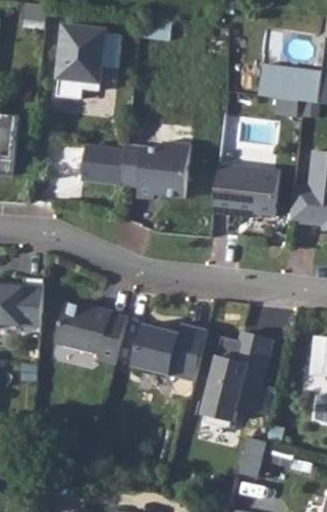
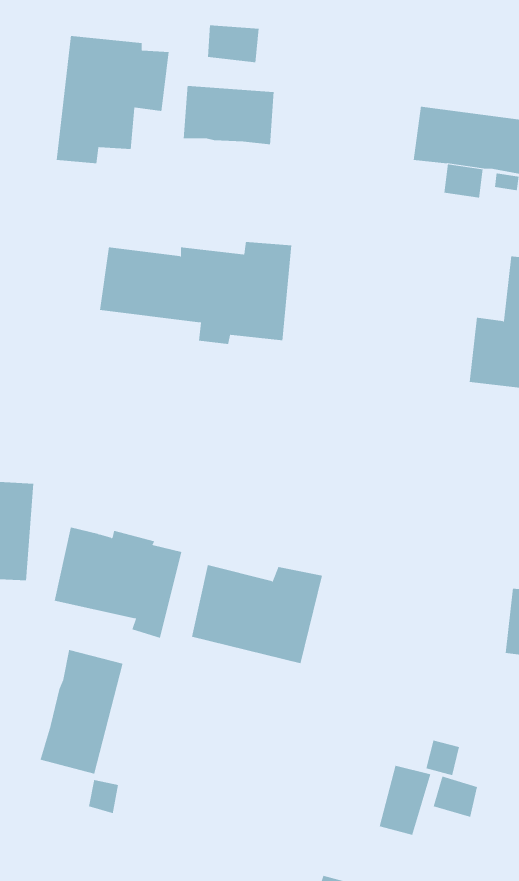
building: none -> [183,85,274,145]
building: [212,163,277,217] -> none
building: [202,332,272,421] -> none
building: none -> [40,649,123,774]

